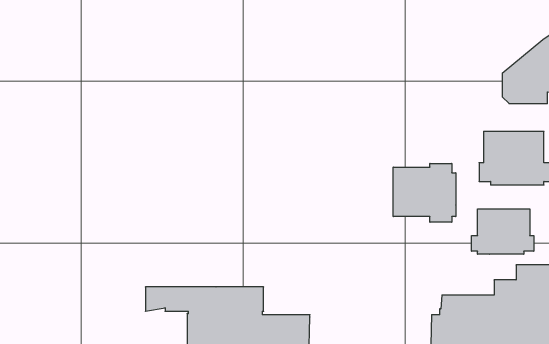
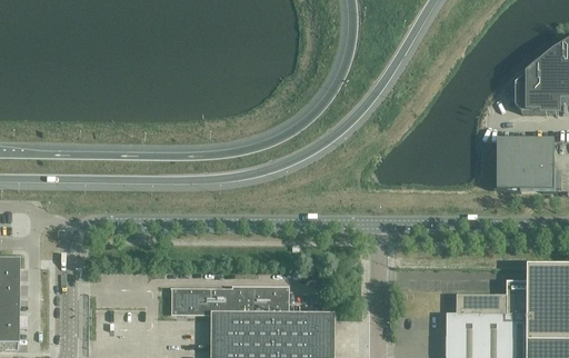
building: [393,163,456,222] -> none
building: [472,209,534,254] -> none

